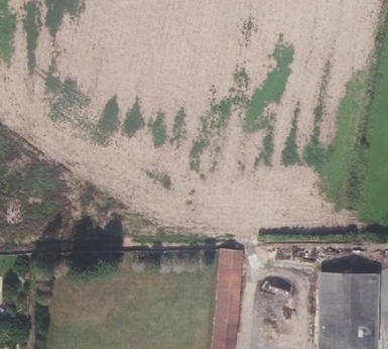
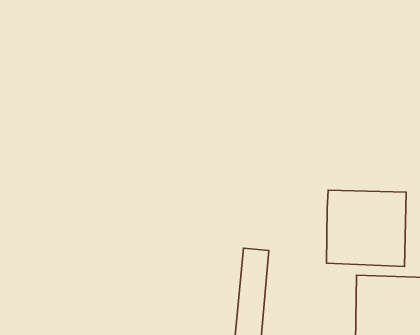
building: none -> [327,190,406,266]

